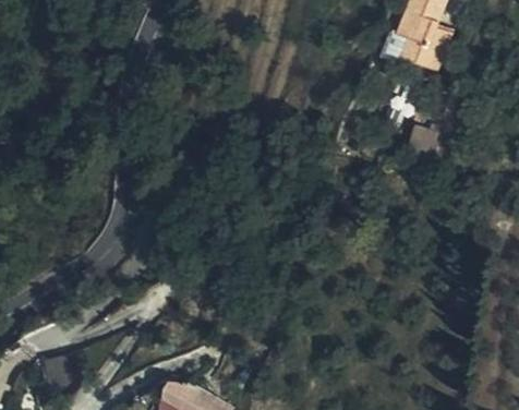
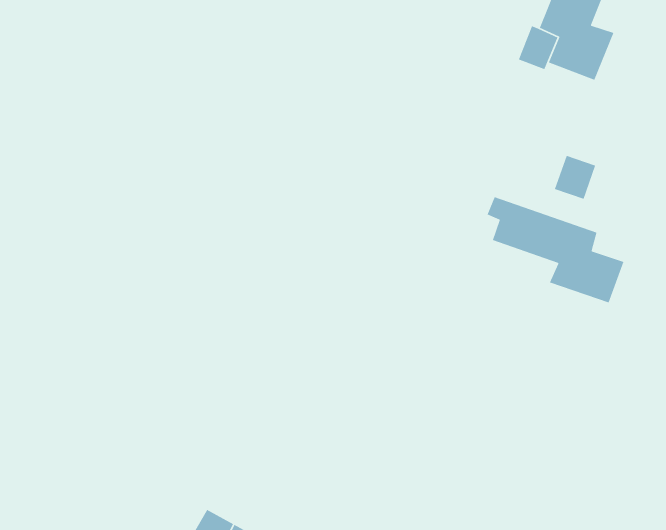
building: none -> [487,196,625,304]

